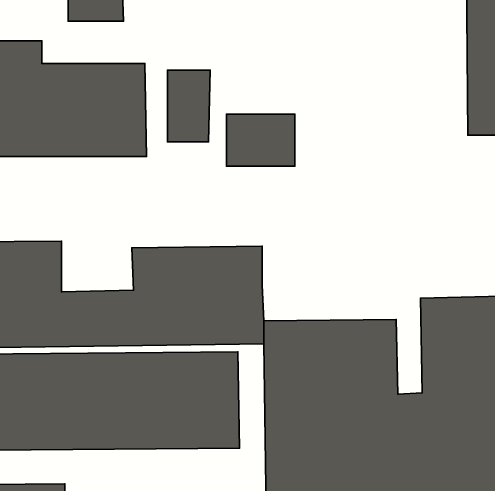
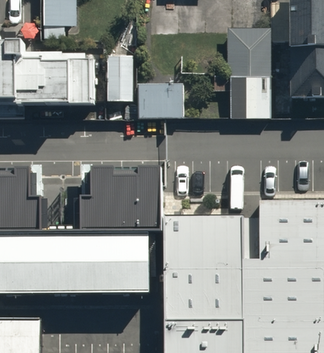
building: none -> [228,31,269,120]

